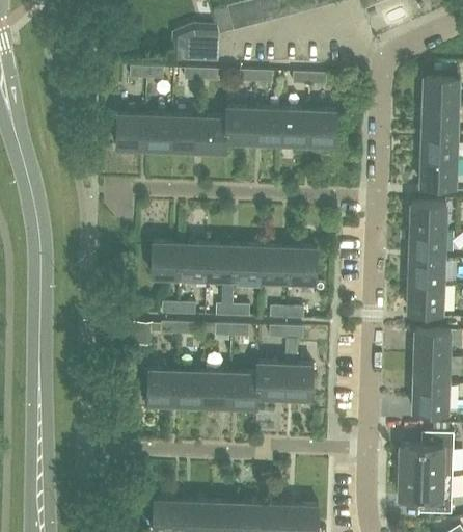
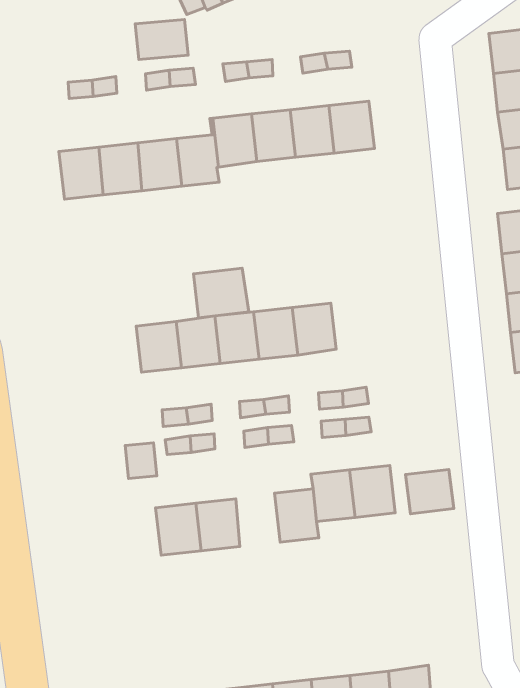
building: none -> [194,268,249,318]
building: [288,247,317,281] -> none
building: [201,372,230,406] -> none
building: none -> [406,469,454,514]

